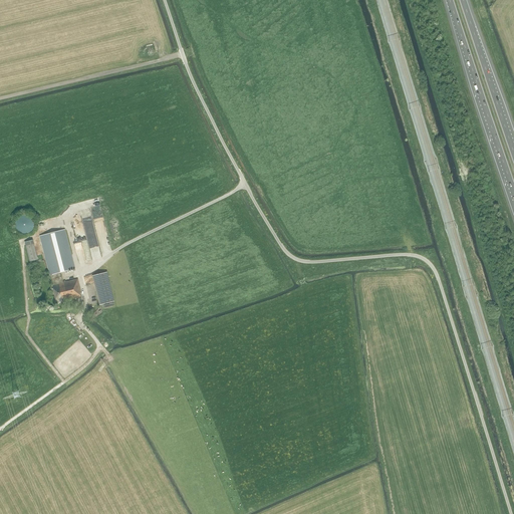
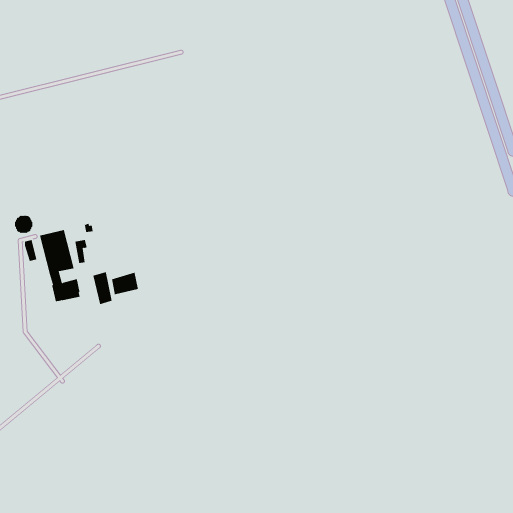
building: none -> [111,272,138,295]

